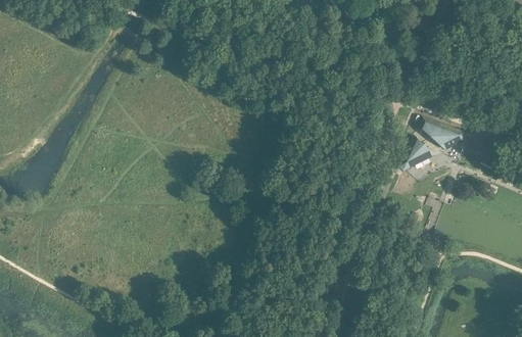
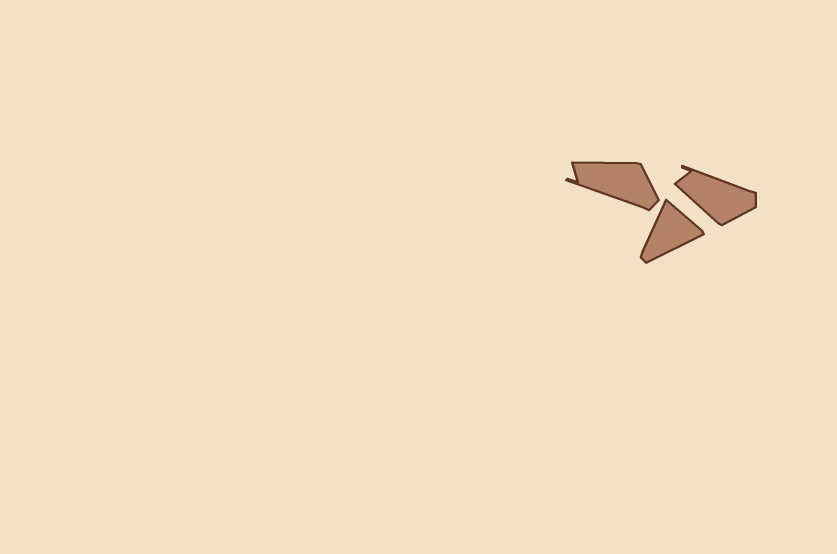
building: none -> [566,162,659,210]

